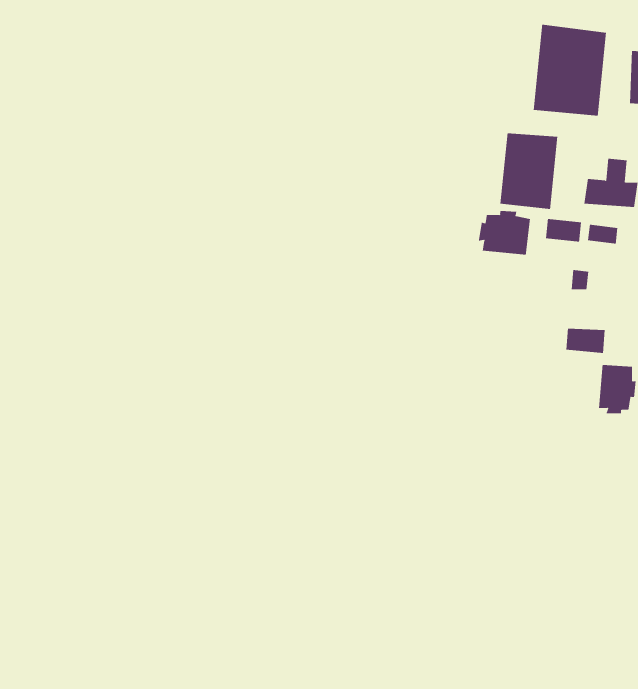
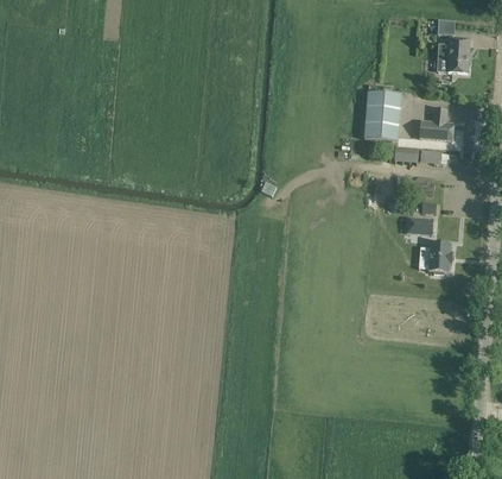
building: [533,24,606,117] -> none
building: [478,210,531,256] -> none

